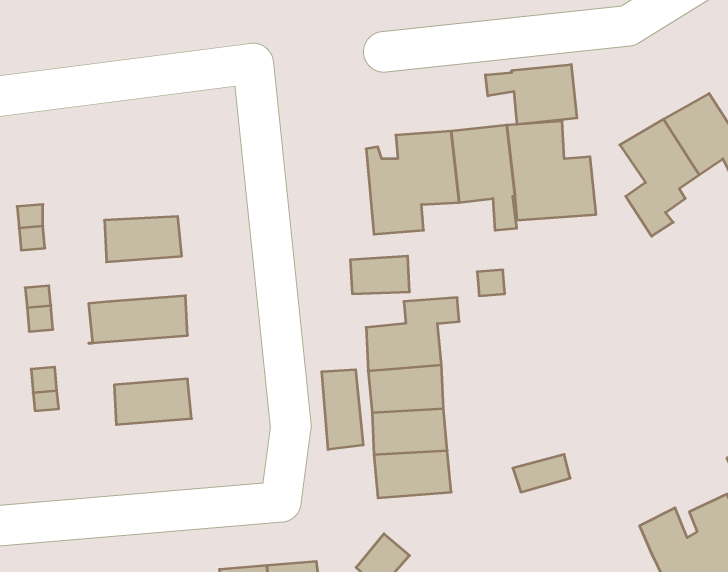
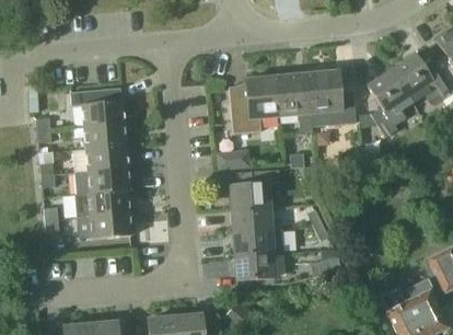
building: [485,64,577,124] -> none
building: none -> [71,89,125,126]
building: none -> [85,146,129,171]
building: none -> [76,189,130,217]
building: [322,370,363,450] -> none

